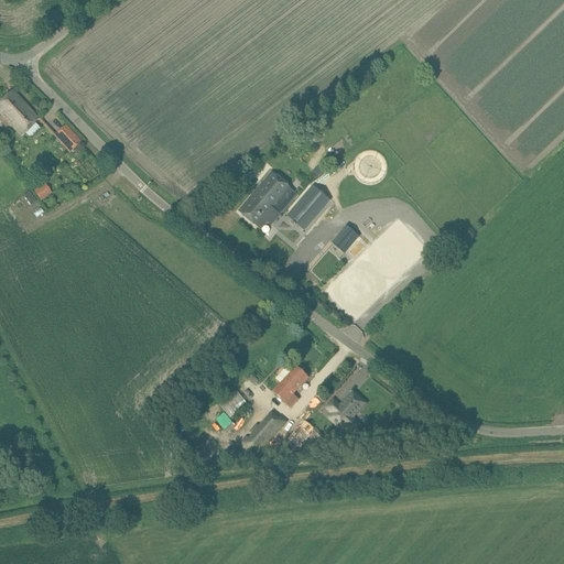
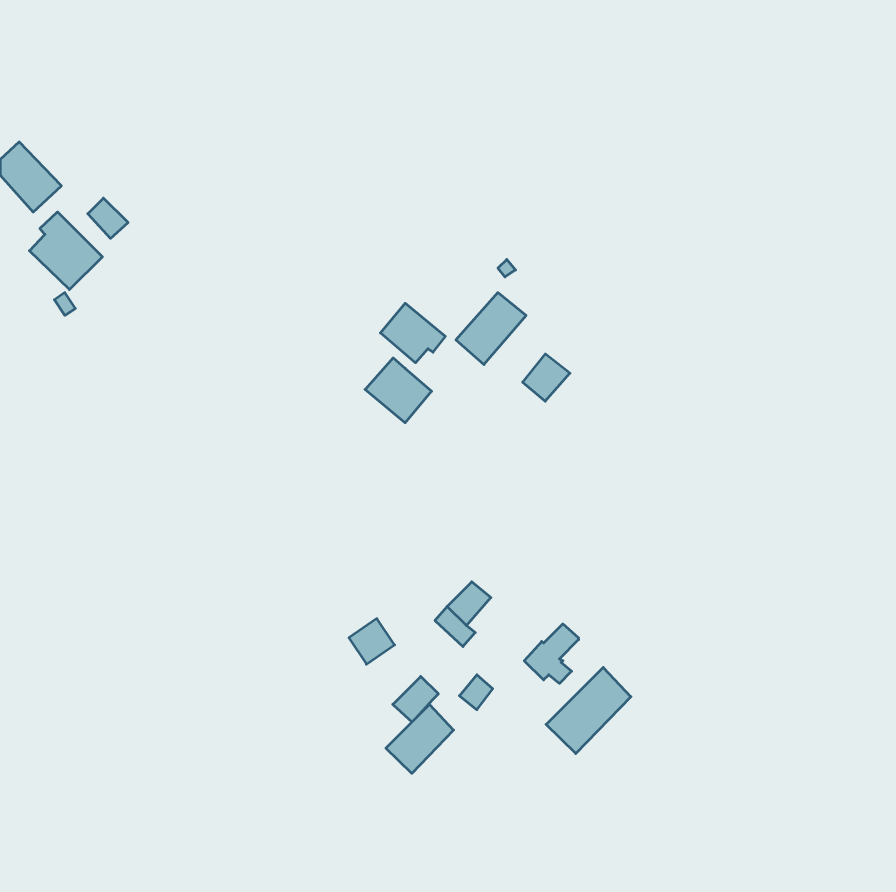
building: none -> [29,212,102,290]
building: [254,171,296,212] -> [365,358,432,423]
building: none -> [546,667,631,754]
building: none -> [386,705,454,773]

